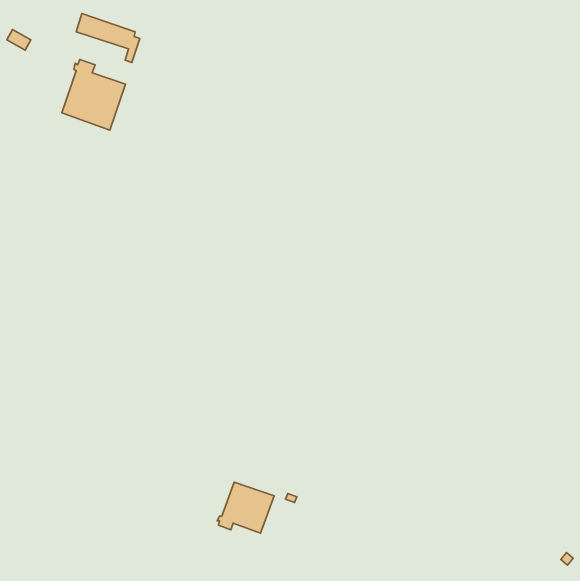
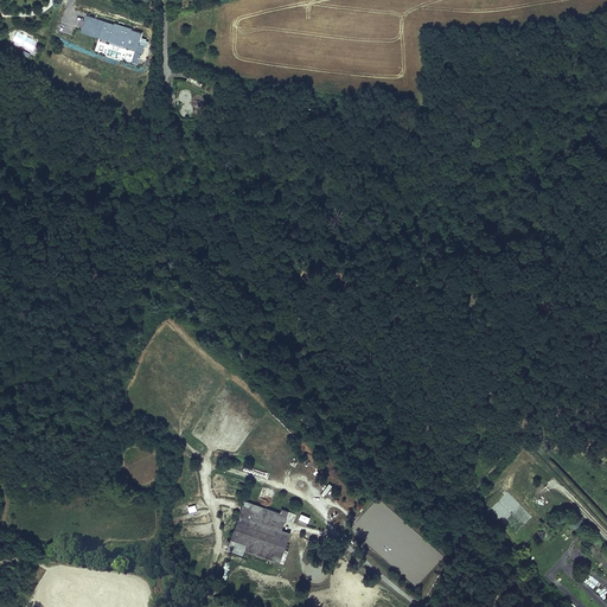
building: [62,60,126,130] -> none

